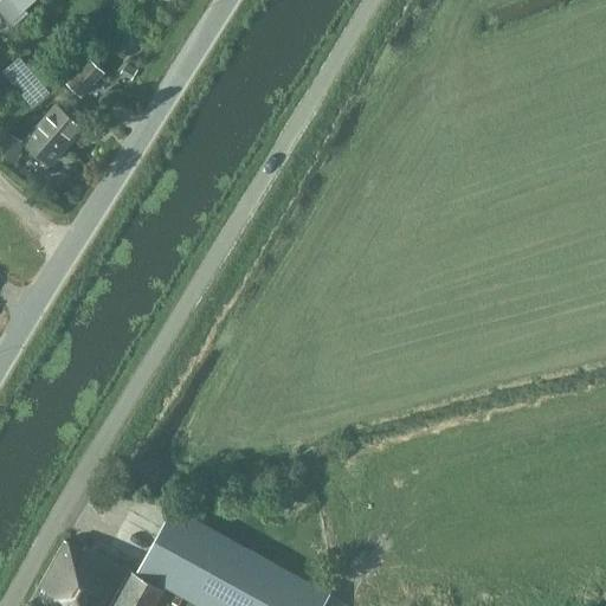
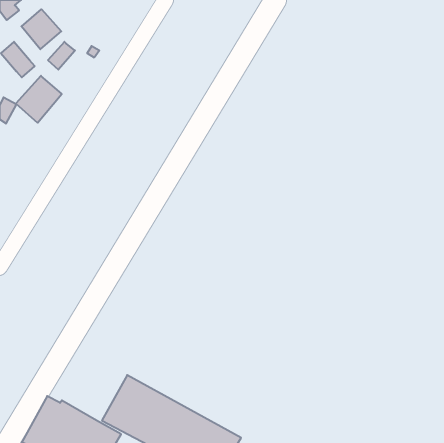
building: none -> [21,9,61,49]

